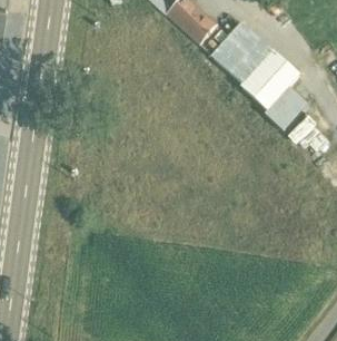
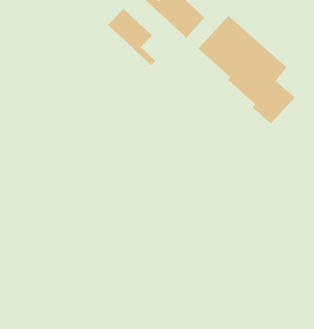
building: none -> [107,8,156,66]

